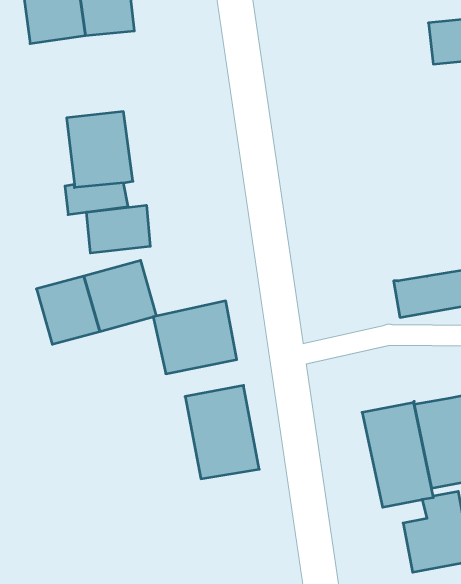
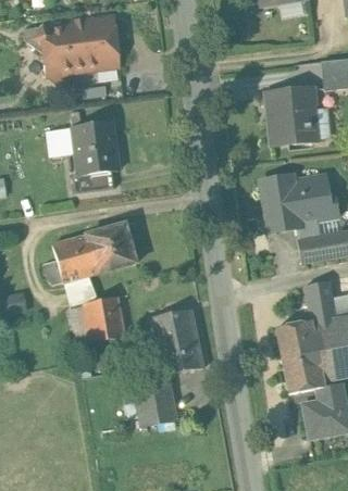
building: none -> [266,87,330,144]
building: none -> [261,175,338,238]
building: [87,205,150,253] -> none
building: [153,301,237,374] -> [67,297,125,347]
building: none -> [304,280,336,323]
building: none -> [135,380,176,427]

